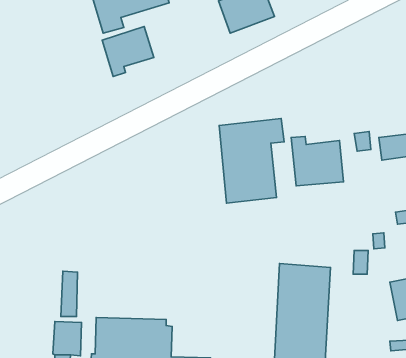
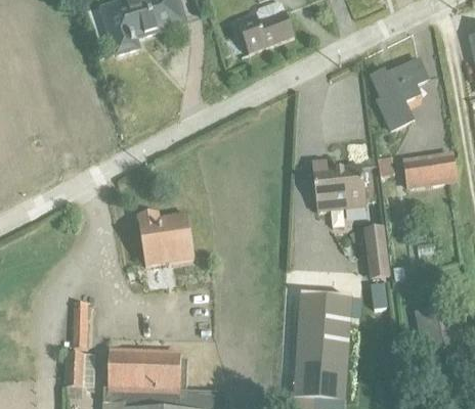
building: [102,27,154,77] -> none
building: none -> [372,59,426,132]
building: [219,119,284,203] -> none
building: none -> [137,211,195,267]
building: none -> [363,225,390,278]

